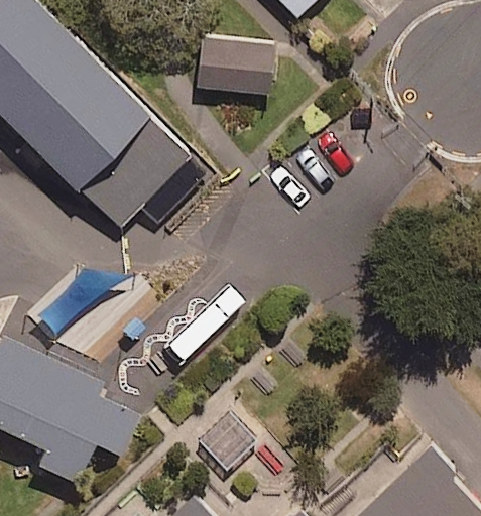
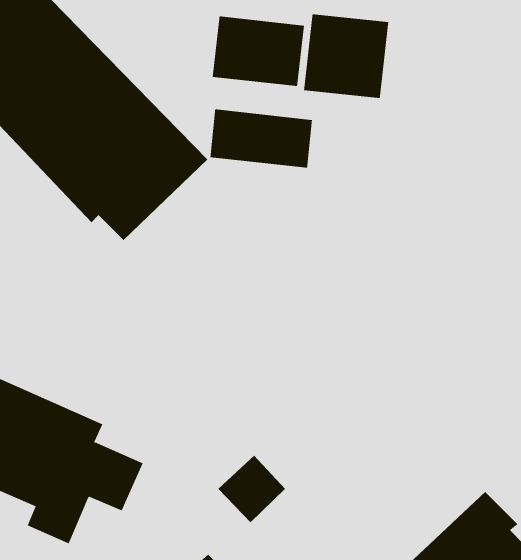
building: none -> [304,13,389,99]
building: none -> [210,109,312,168]

